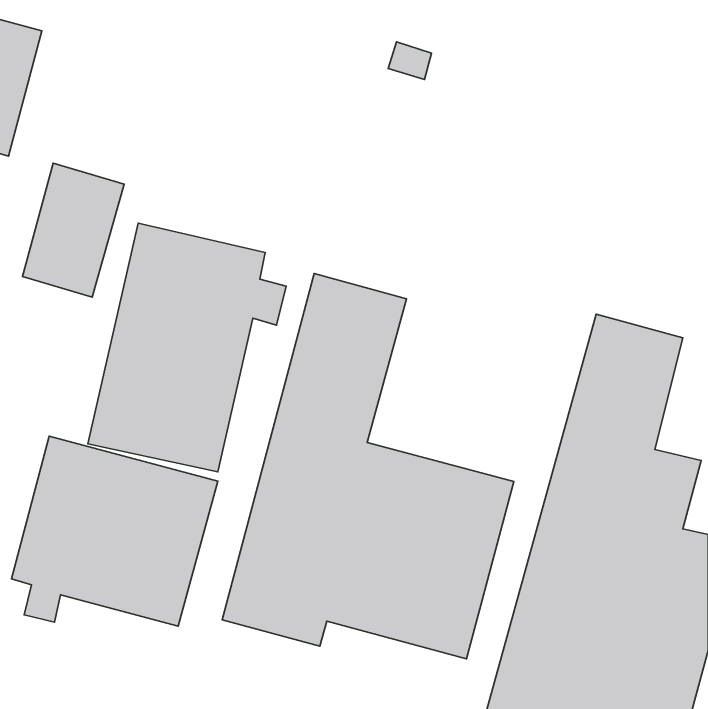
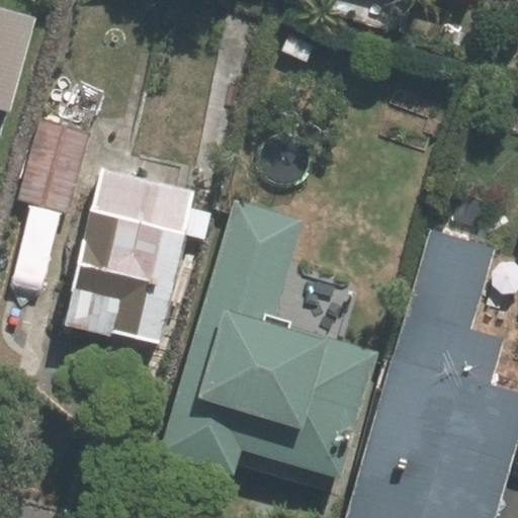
building: [12,436,218,626] -> none

